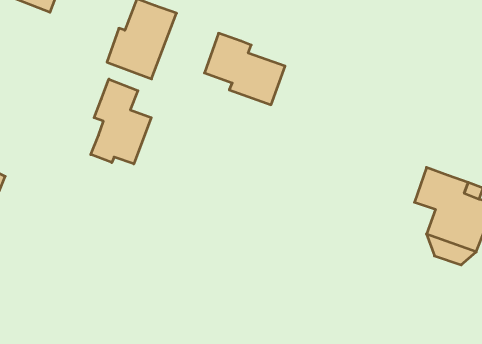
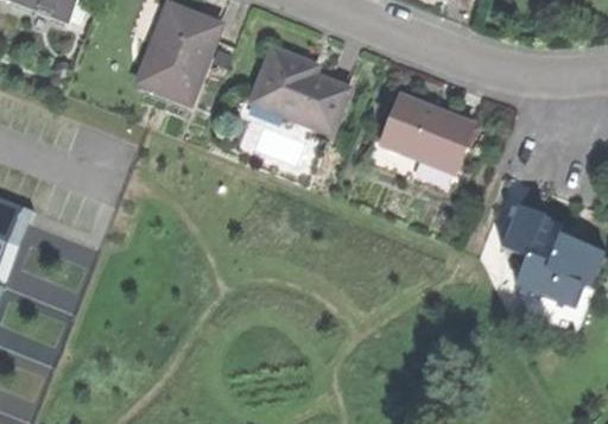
building: none -> [379,94,470,170]
building: [91,79,151,164] -> none

